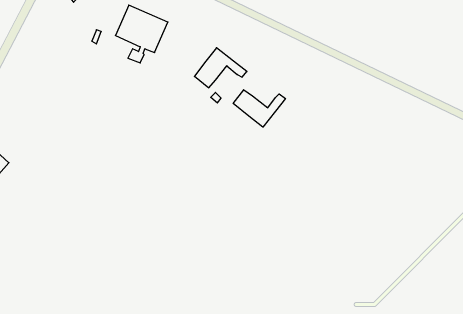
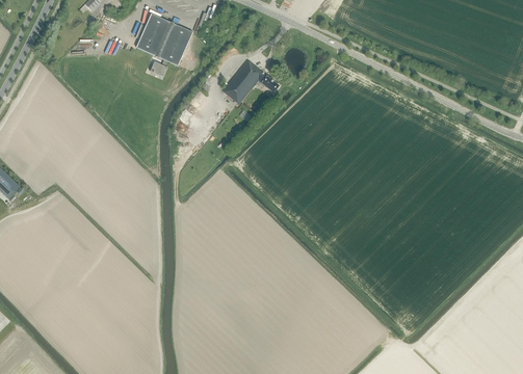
building: [233,90,285,127] -> none

